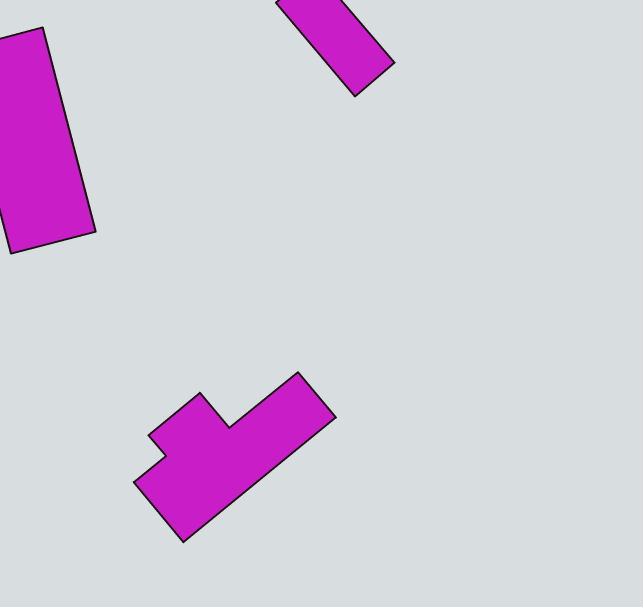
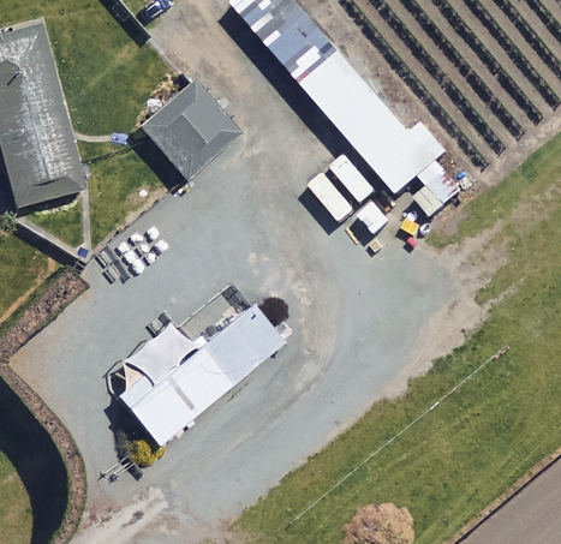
building: none -> [305,59,448,195]
building: none -> [141,82,238,179]

